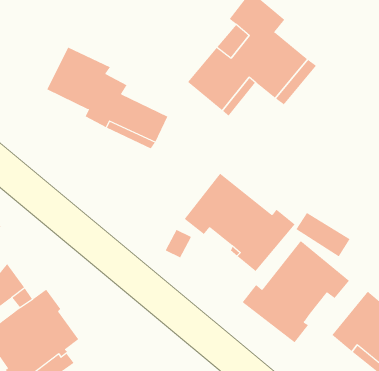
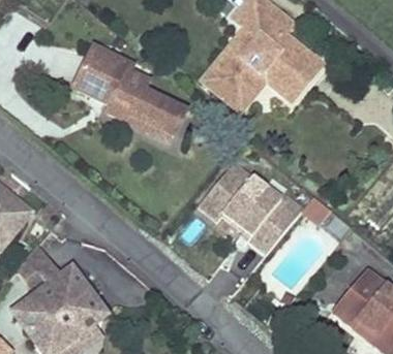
building: [242,240,350,343] -> none

